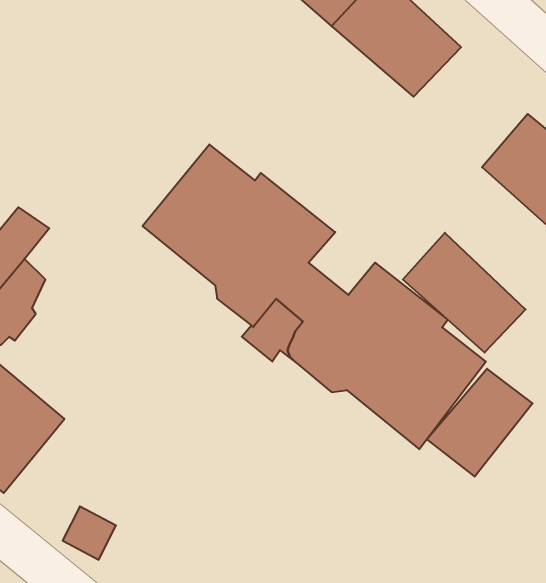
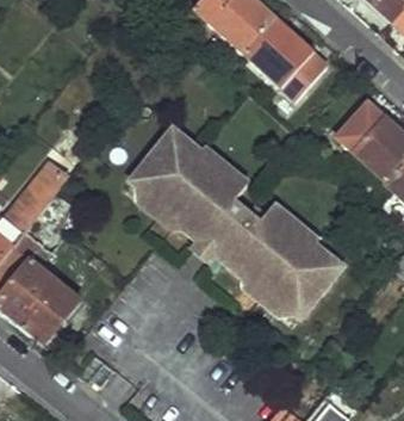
building: [403,233,526,353] -> none
building: [427,369,533,477] -> none

